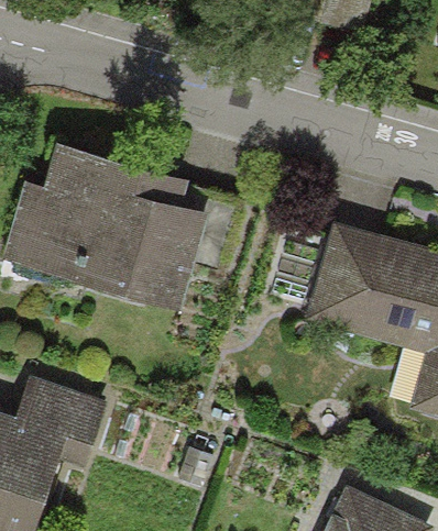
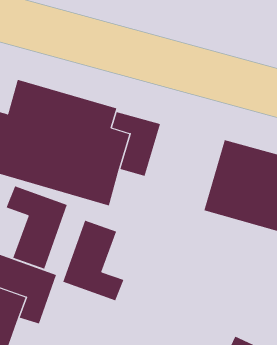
building: none -> [6,185,68,269]
building: none -> [63,220,124,301]

